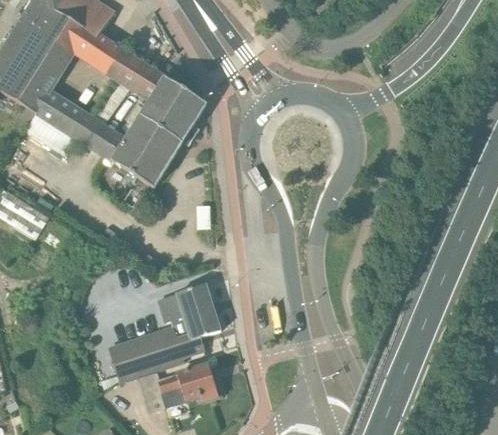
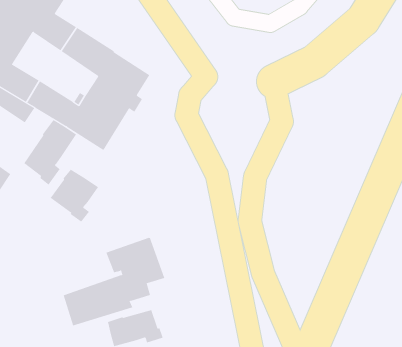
building: none -> [23,119,77,185]
building: none -> [50,169,99,222]

